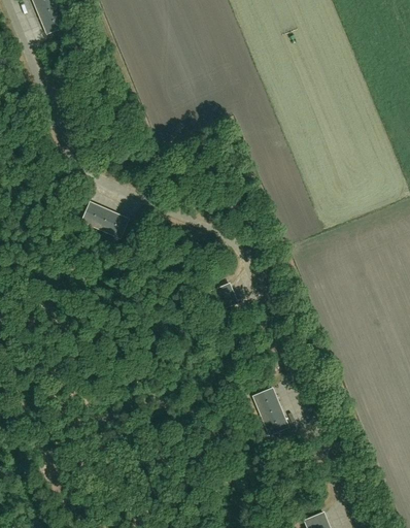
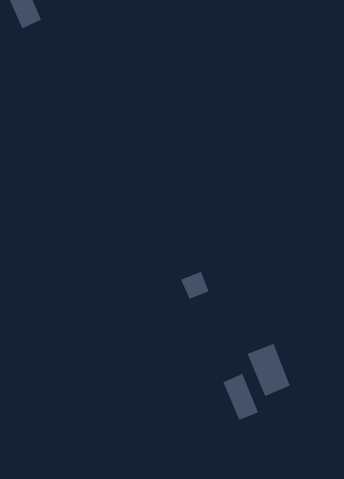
building: [77,200,126,238] -> none
building: none -> [247,343,291,397]

